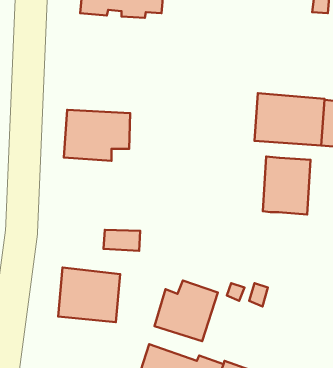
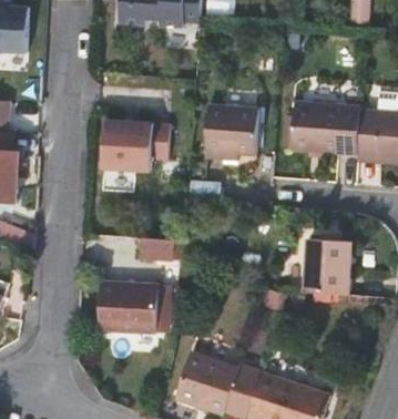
building: none -> [202,105,258,159]
building: [263,157,311,214] -> [304,236,351,294]
building: [154,280,218,341] -> none

